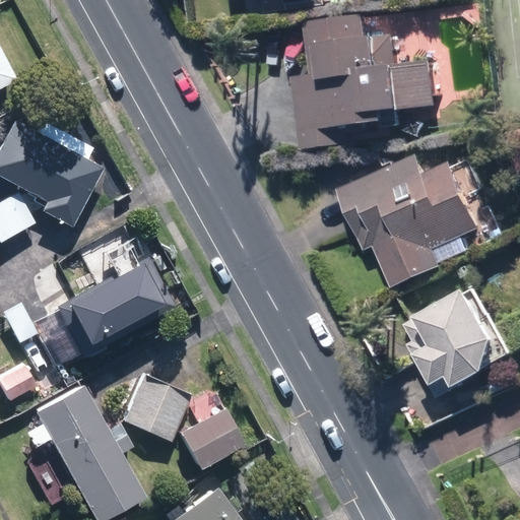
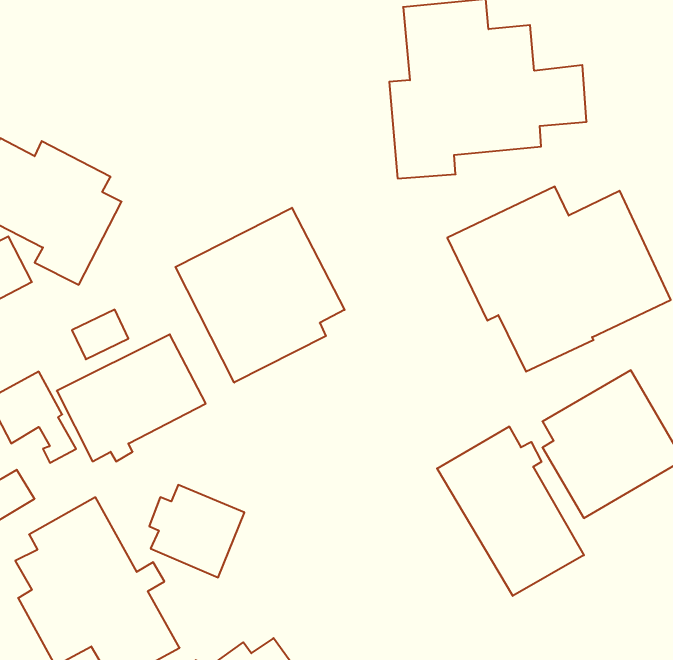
building: none -> [175,208,345,383]
building: none -> [437,426,584,596]
building: [178,408,243,469] -> none

